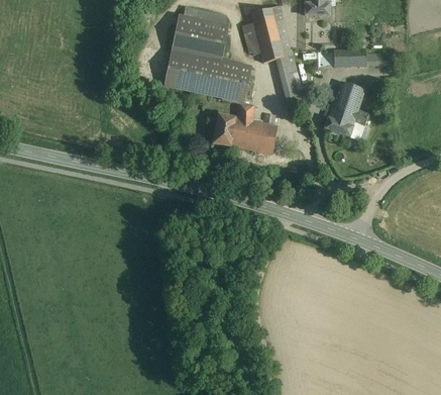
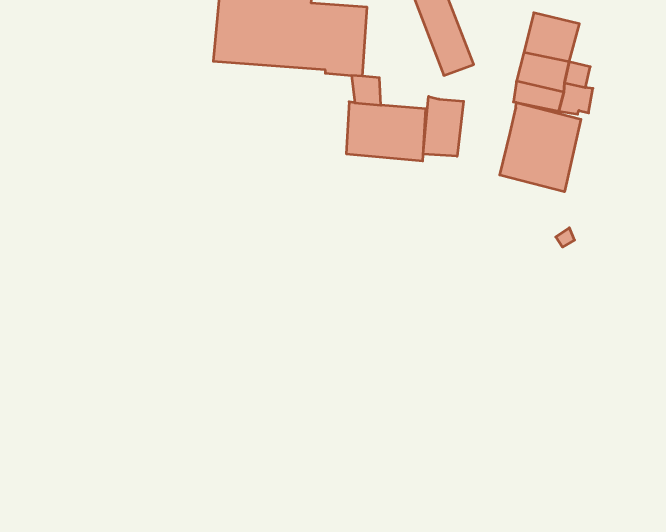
building: [213,114,235,146] -> none
building: none -> [423,96,464,156]
building: none -> [500,102,581,192]

